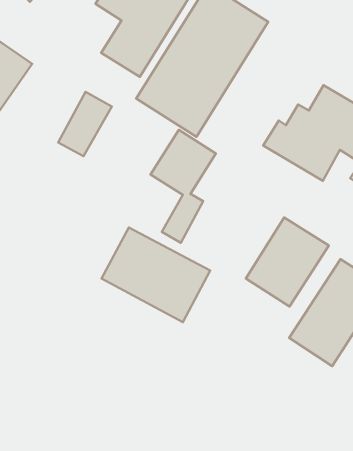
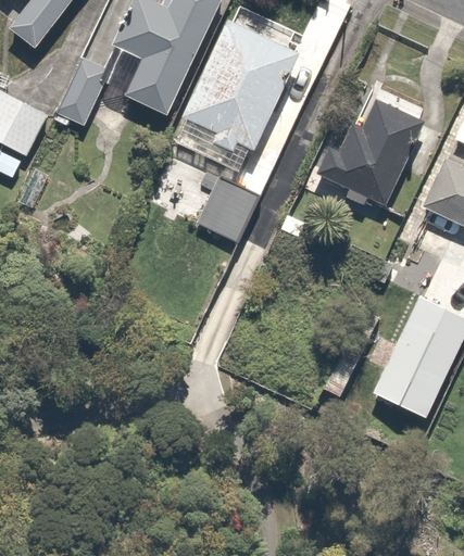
building: [58,92,112,156] -> [58,52,113,125]
building: [246,218,329,307] -> none
building: [101,227,210,322] -> none

